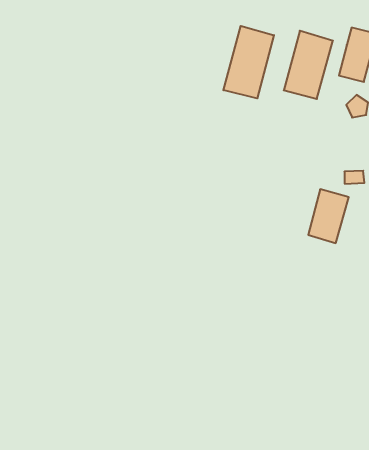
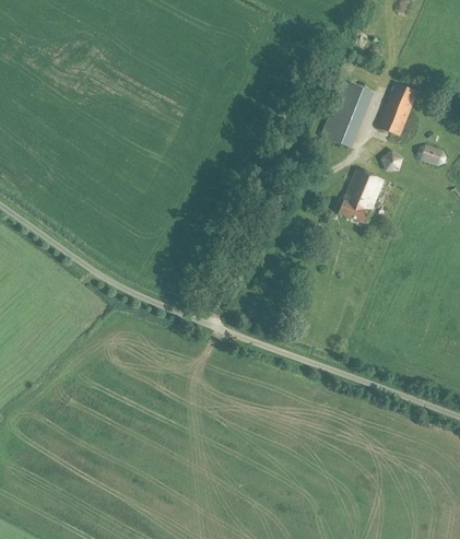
building: [223,26,274,98] -> none
building: [308,189,349,243] -> [339,168,382,223]

